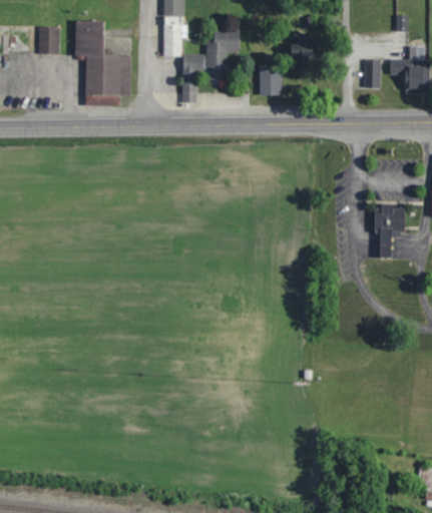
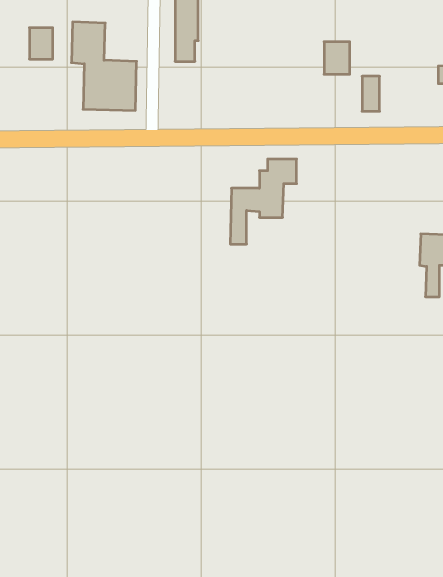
building: [182,30,240,103] -> [230,159,297,244]
building: [365,59,380,89] -> [362,76,380,111]
building: [261,67,282,95] -> none

